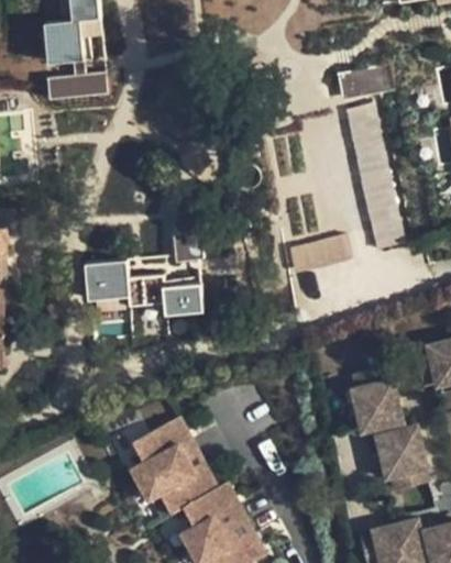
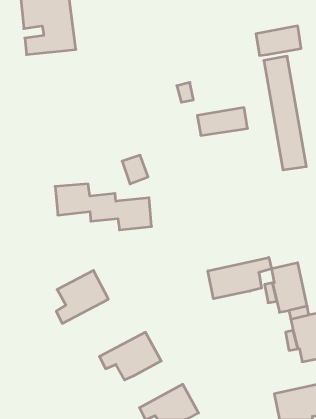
building: [287,234,351,269] -> [197,108,248,135]
building: none -> [208,257,272,299]
building: [132,415,198,482] -> [56,270,108,323]
building: [182,483,245,547] -> none

